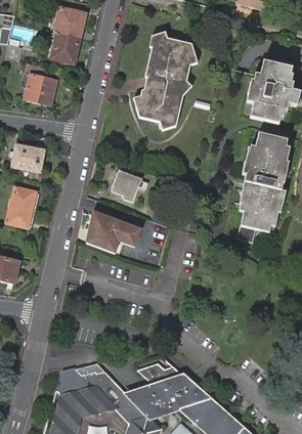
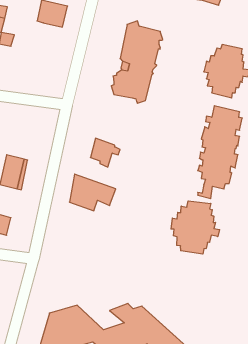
building: [50,33,79,64] -> none
building: [24,75,55,104] -> none
building: [12,145,44,174] -> none
building: none -> [171,201,220,254]

